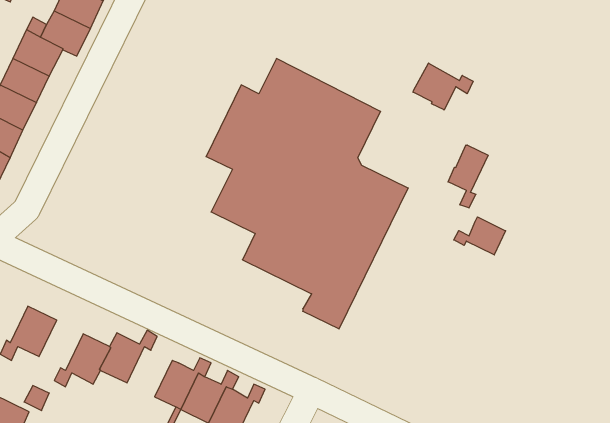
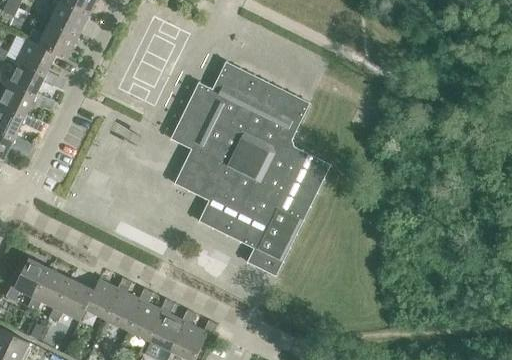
building: [413,63,473,110] -> none
building: [448,145,488,208] -> none
building: [454,217,506,255] -> none
building: none -> [27,269,72,311]
building: none -> [107,288,153,330]

